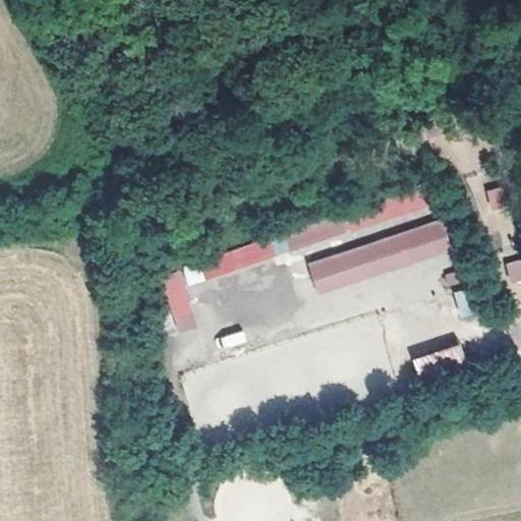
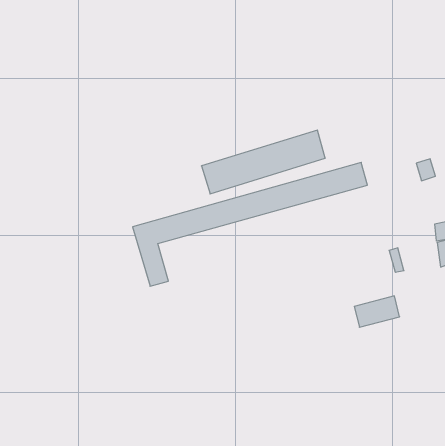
building: [307,220,452,294] -> [201,130,325,194]

